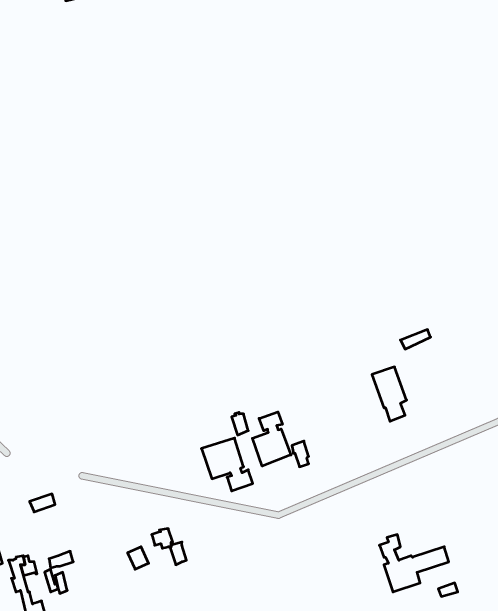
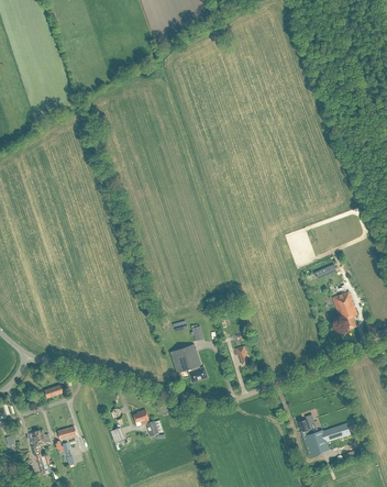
building: [372,367,407,421] -> [332,291,357,331]
building: [252,412,291,466] -> none

